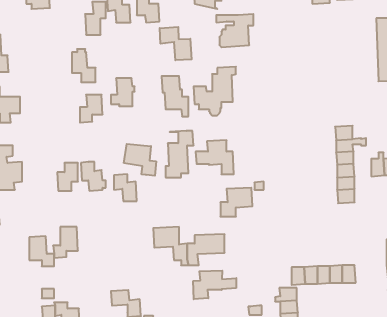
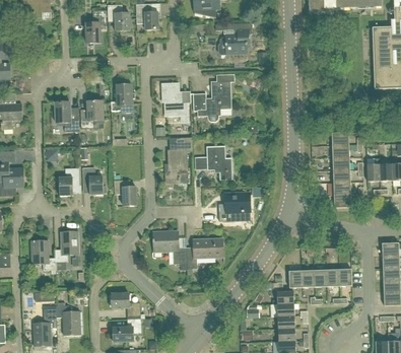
building: [160,27,192,60] -> none
building: [72,49,96,82] -> [55,99,78,132]
building: [124,144,156,176] -> none
building: [193,271,236,299] -> none

